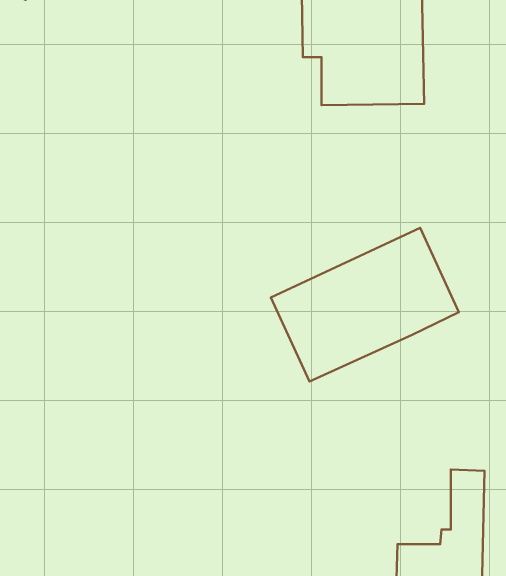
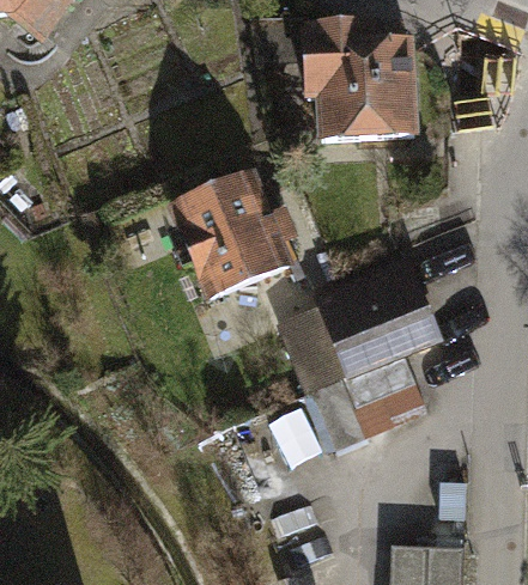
building: none -> [168,170,292,309]
building: none -> [308,353,425,450]

